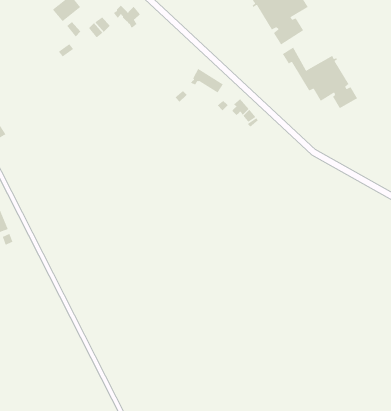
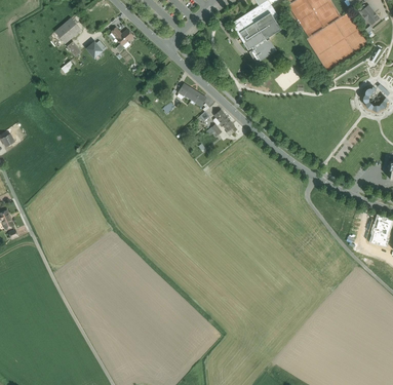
building: [282,46,358,109] -> none

